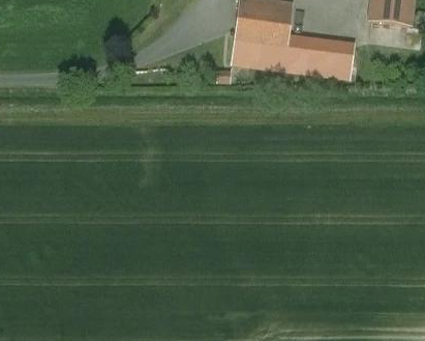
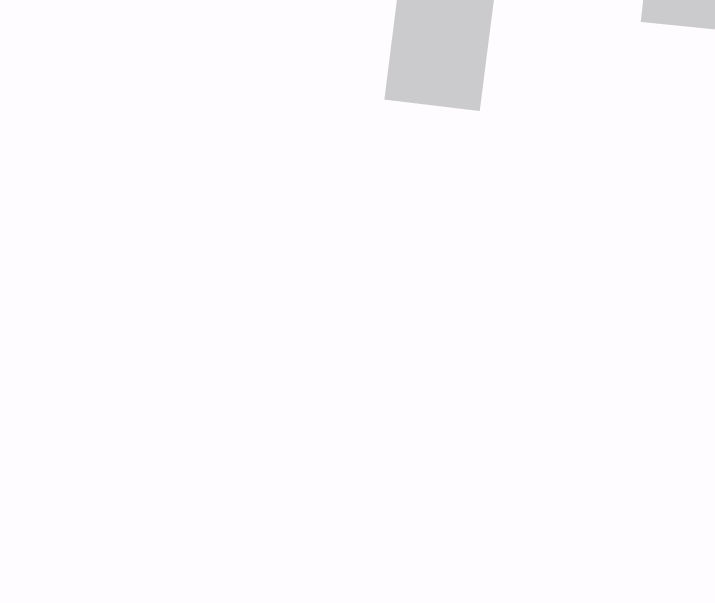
building: [284,34,355,76] -> none

